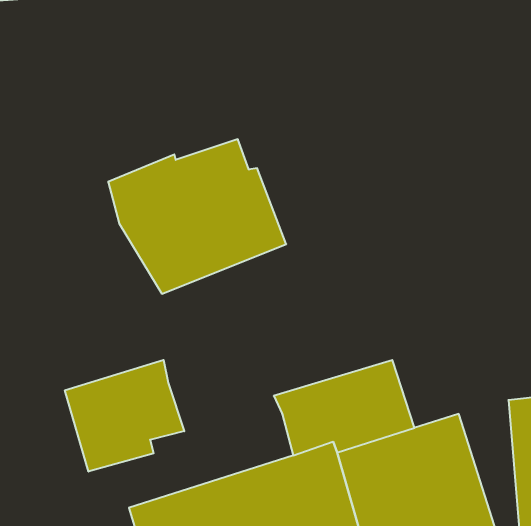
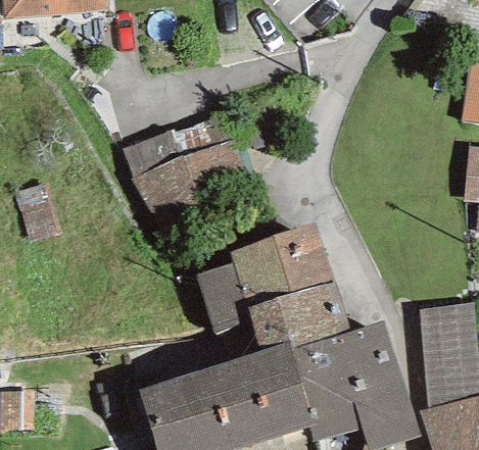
building: none -> [196,222,334,334]
building: [65,360,184,472] -> none

